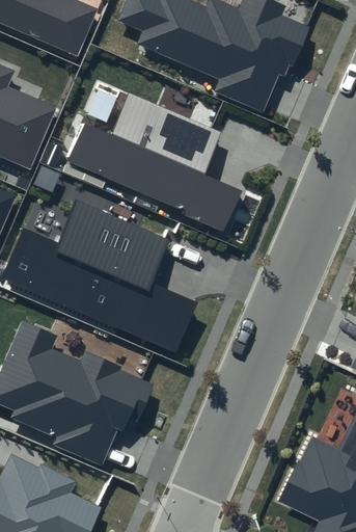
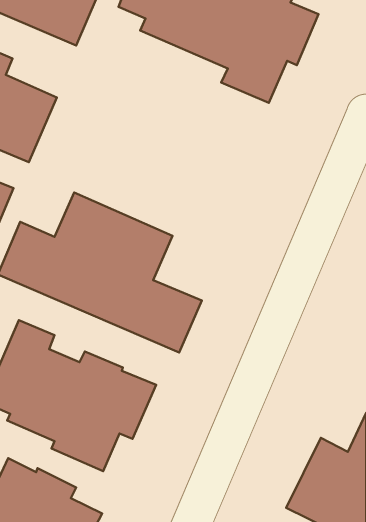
building: [65,92,241,233] -> none

